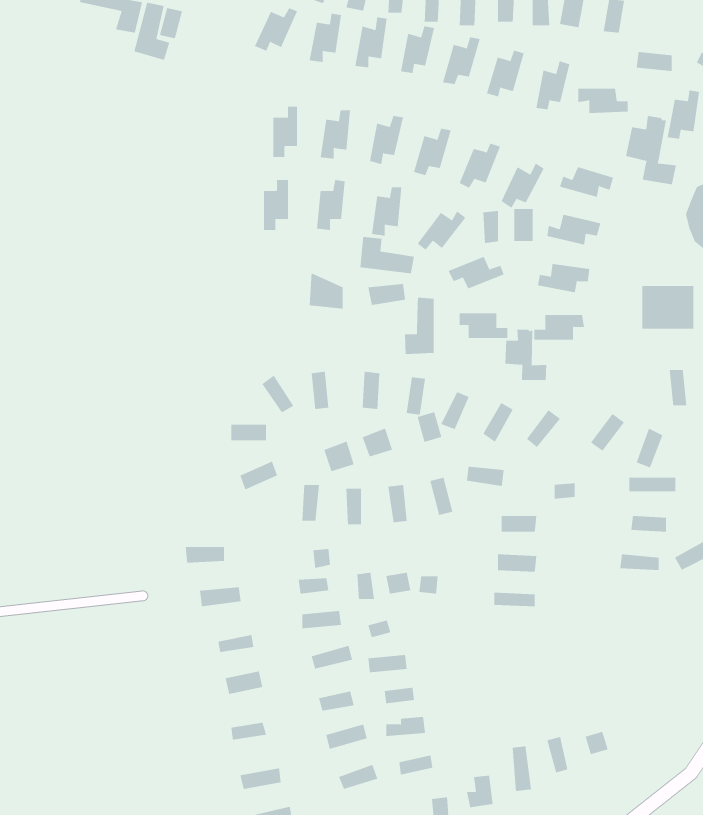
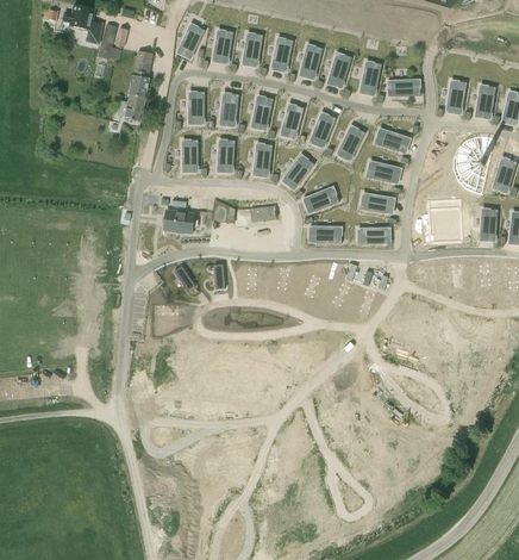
building: none -> [124,51,152,122]
building: [625,115,677,185] -> none
building: [360,236,415,274] -> none
building: none -> [162,209,194,235]
building: [405,297,434,355] -> none
building: [505,329,547,381] -> none

